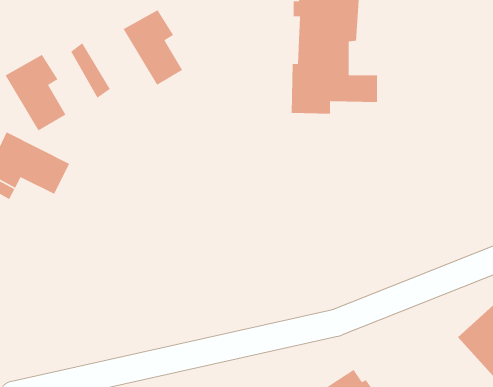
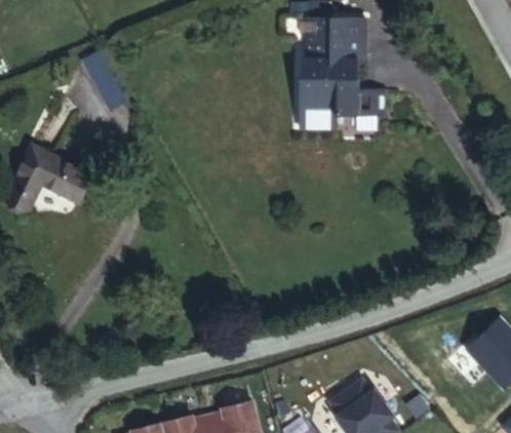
building: [123,9,183,86] -> none
building: [4,54,67,132] -> none

